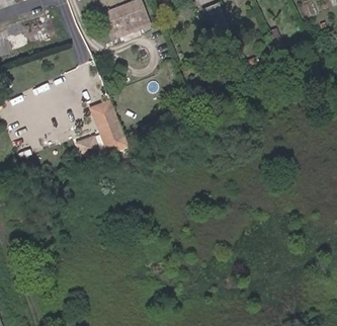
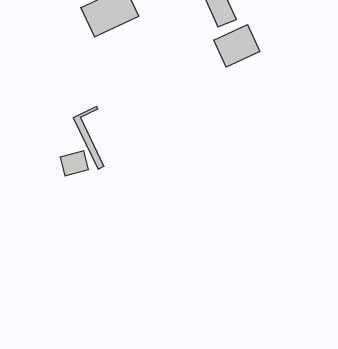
building: none -> [214,25,260,67]
building: [95,99,127,148] -> none

